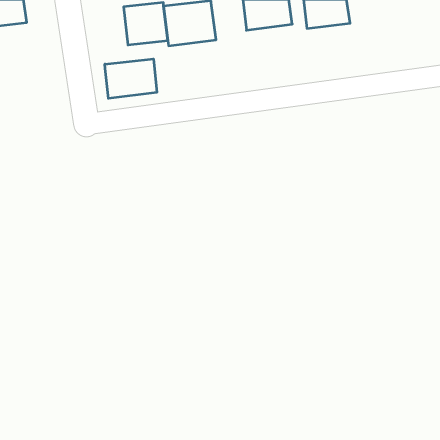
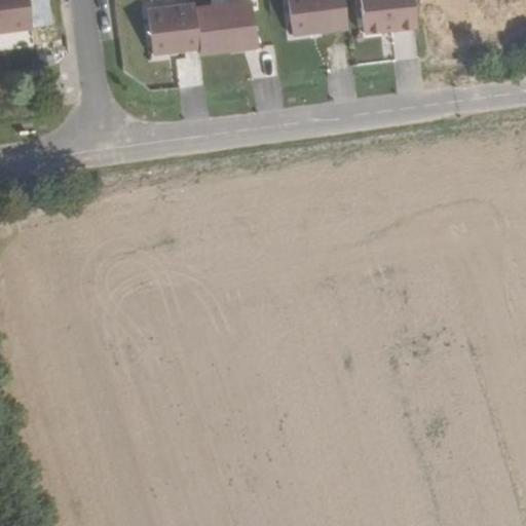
building: [105,59,157,98] -> none

